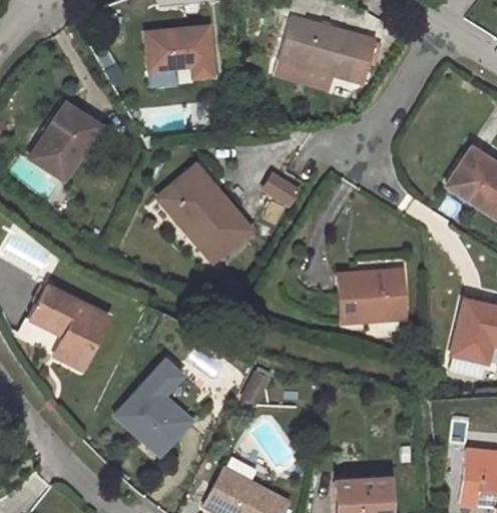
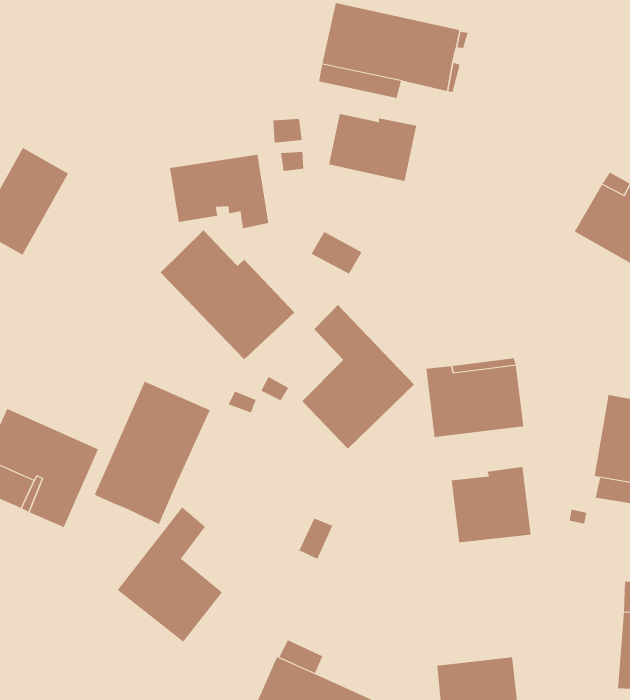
building: [145,26,212,77] -> [169,154,269,229]
building: none -> [328,113,417,182]
building: none -> [301,304,415,449]
building: none -> [94,381,211,525]
building: none -> [451,466,531,543]

